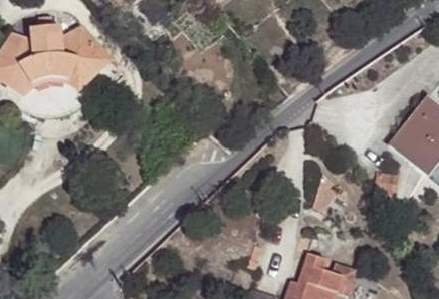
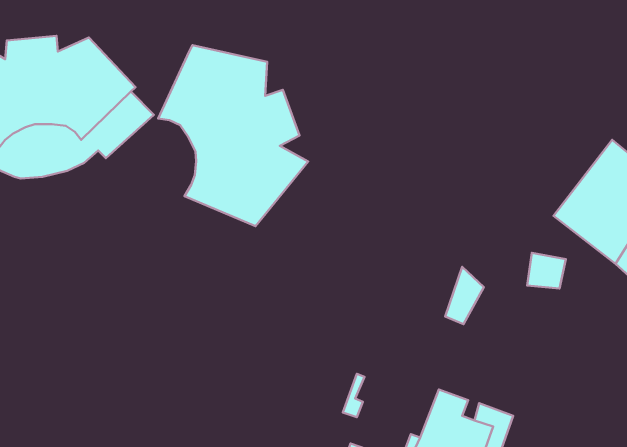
building: none -> [158,45,308,226]

